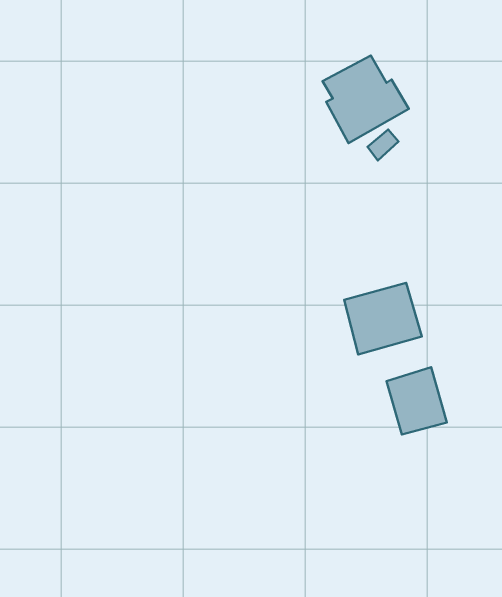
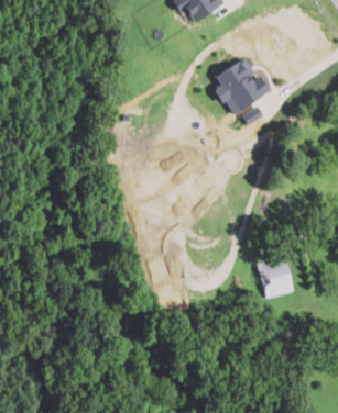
building: [344,283,422,354] -> none

